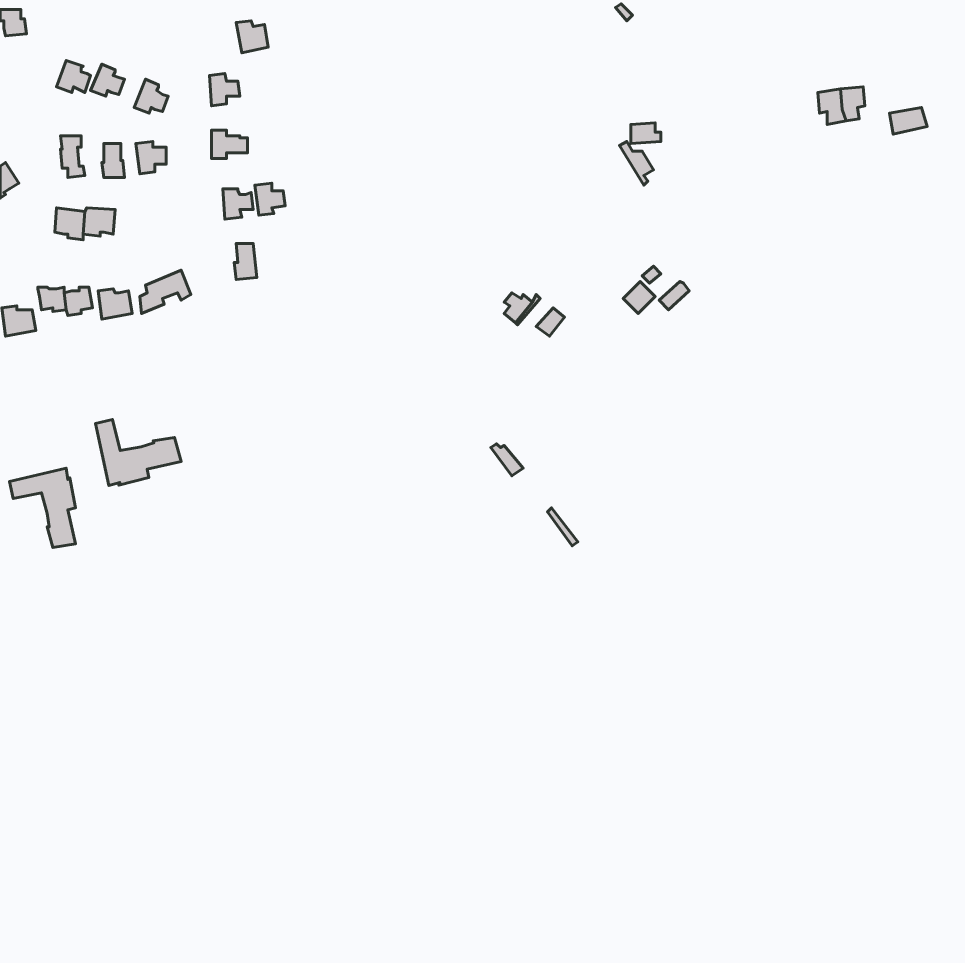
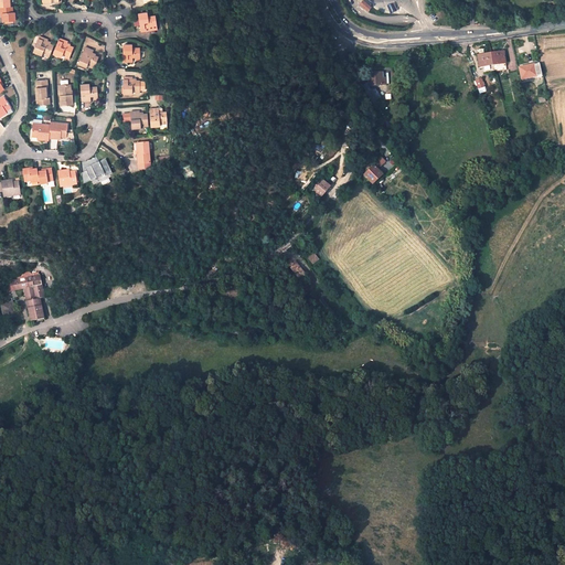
building: [96,420,181,486] -> none

